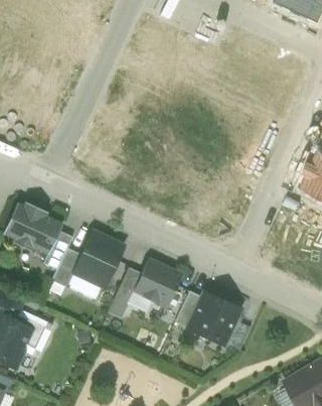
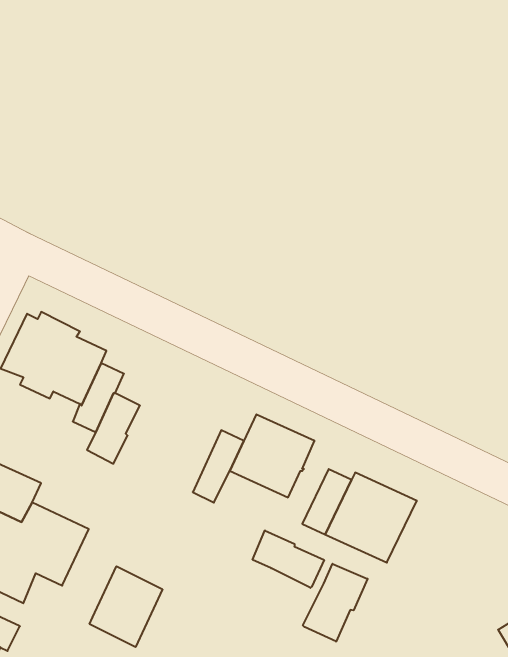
building: [73,234,123,286] -> none
building: none -> [253,530,324,588]
building: none -> [303,564,368,642]
building: none -> [90,566,162,647]

